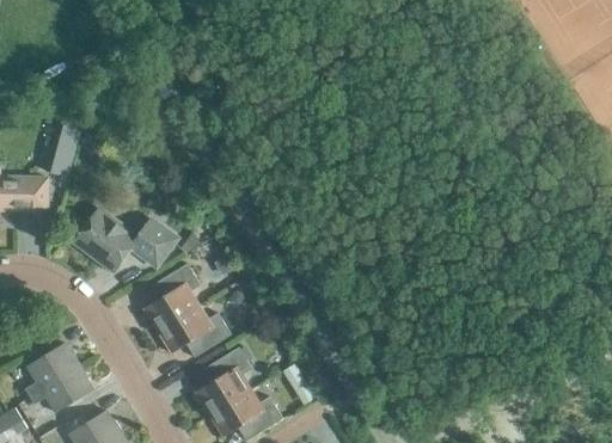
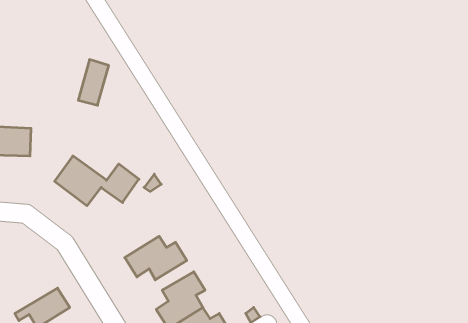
building: [45,123,81,177] -> [78,60,109,105]
building: [143,264,201,331] -> none
building: [24,343,79,396] -> none

